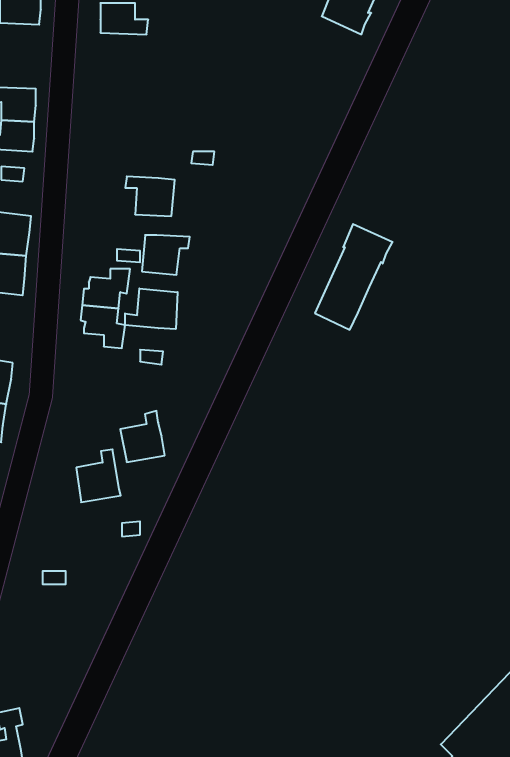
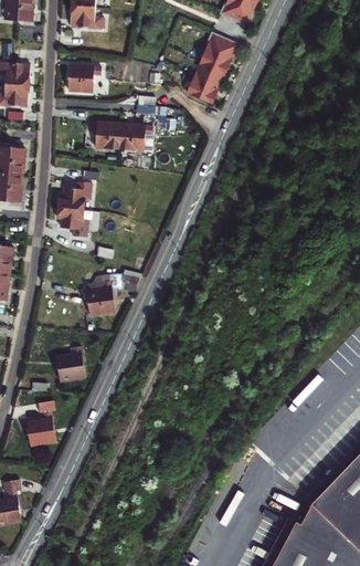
building: none -> [70,65,102,92]
building: [315,224,393,330] -> [187,33,239,104]
building: [142,235,190,275] -> [120,125,152,151]
building: [125,288,178,329] -> none
building: [76,449,121,502] -> [56,346,86,381]
building: none -> [28,400,56,447]

